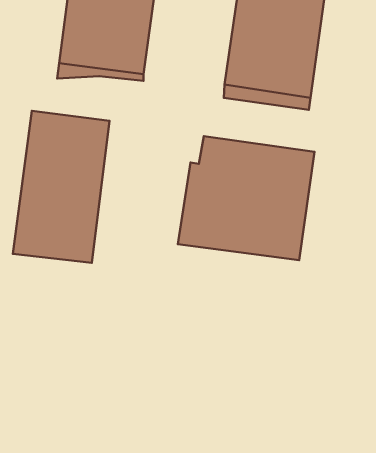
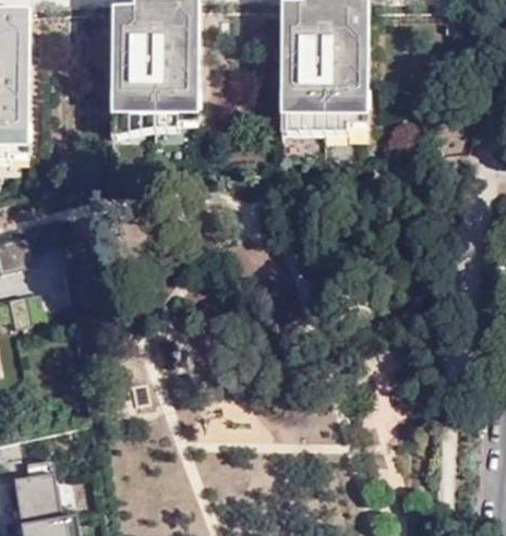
building: [13,111,110,263] -> none
building: [178,136,315,260] -> none

